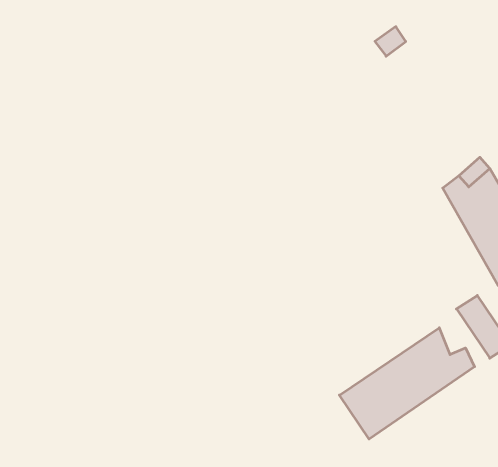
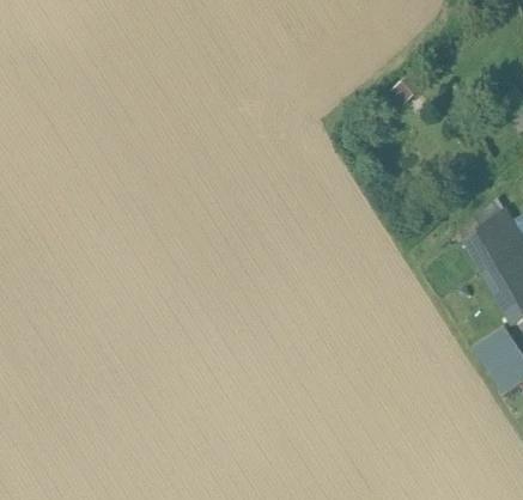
building: [339,328,475,439] -> none

